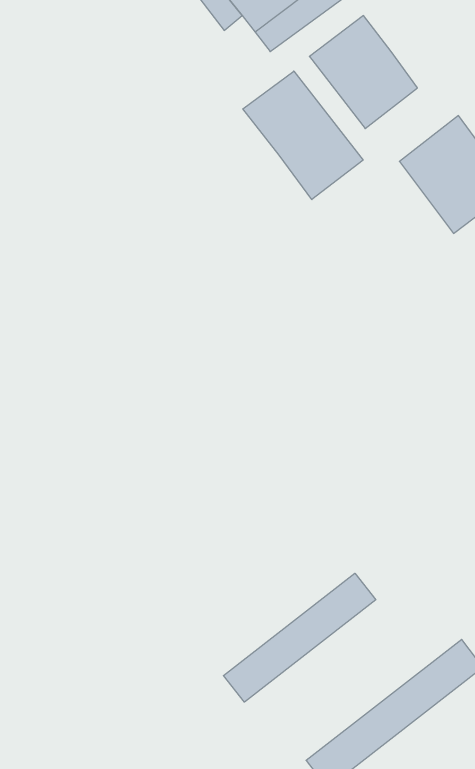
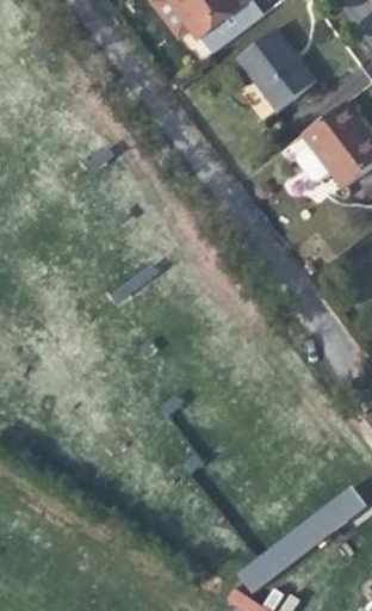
building: [243,71,363,200] -> none
building: [223,573,376,702] -> none

